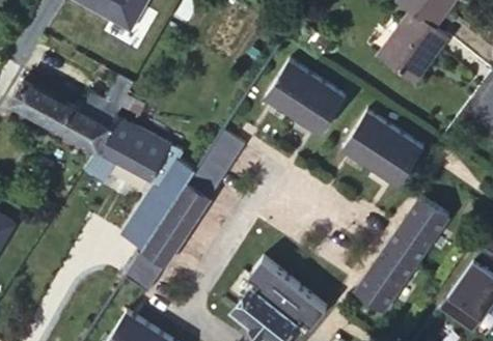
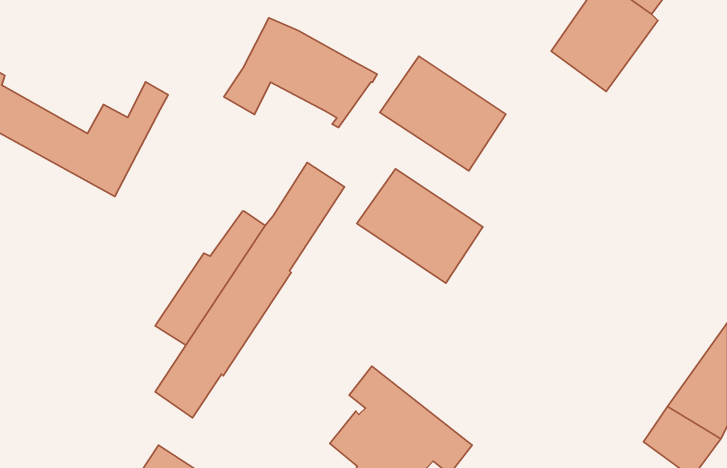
building: [344,114,424,188] -> [357,169,483,283]
building: [83,120,182,191] -> [224,18,377,127]
building: [355,200,448,314] -> none

